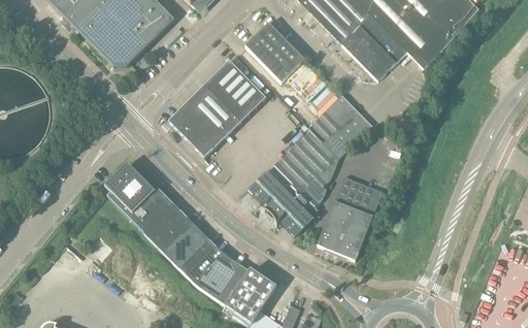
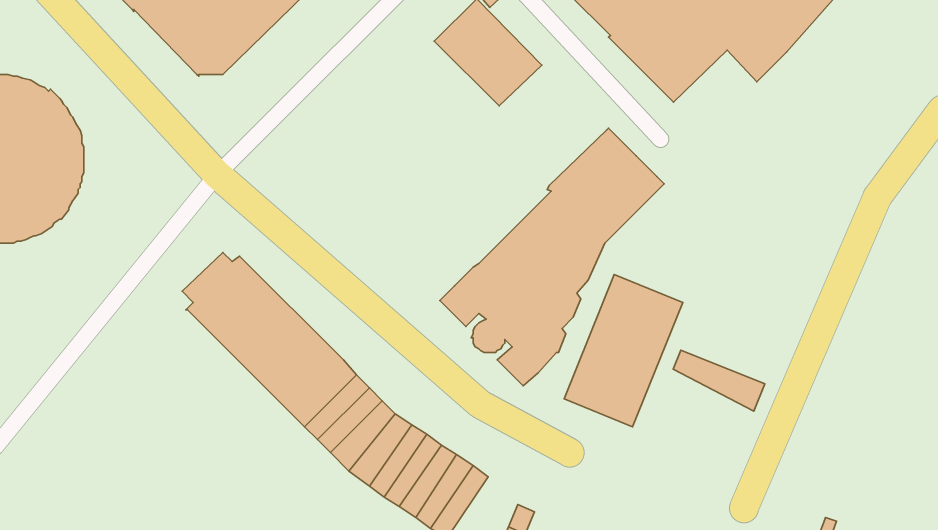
building: [168,60,265,157] -> none
building: none -> [673,350,765,411]

